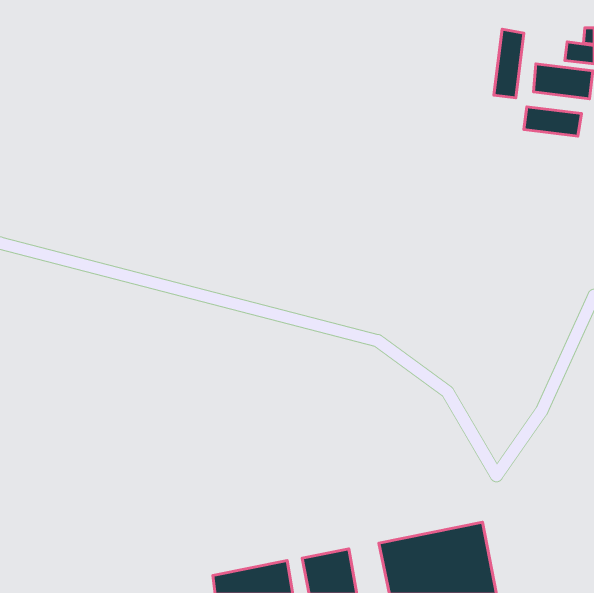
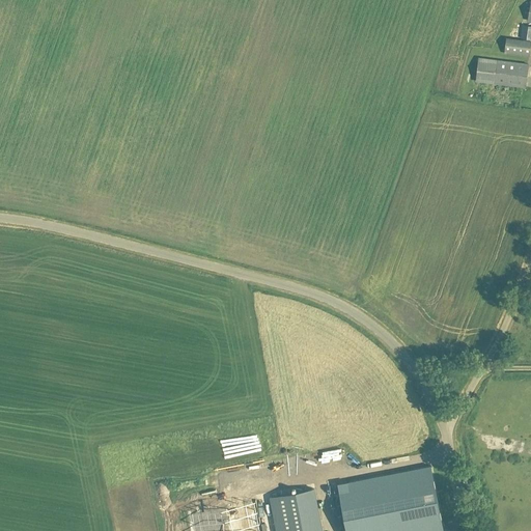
building: [494,29,524,98] -> none
building: [524,107,582,136] -> none

